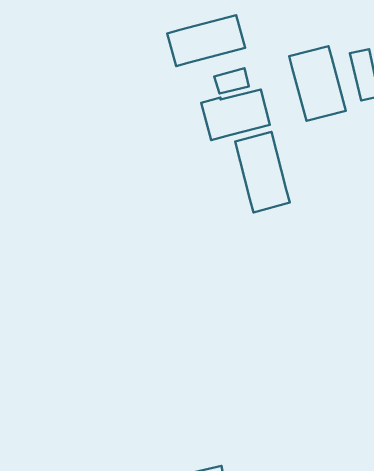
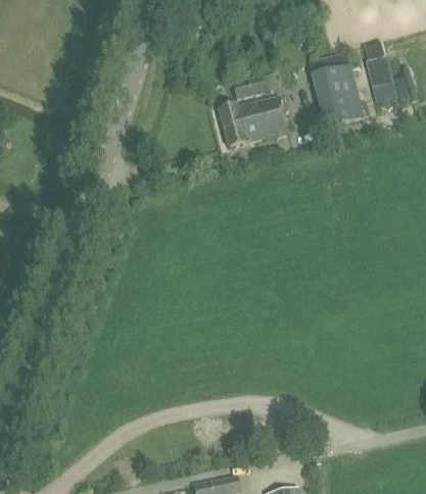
building: [167,15,245,66] -> none
building: [235,132,290,212] -> none

